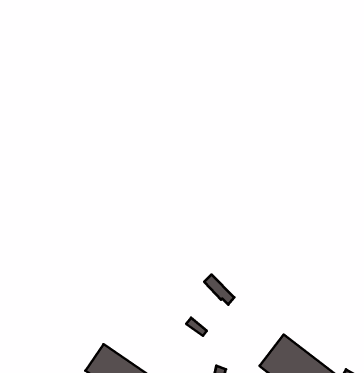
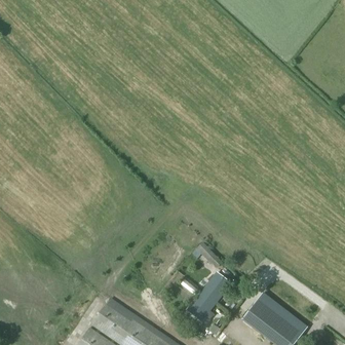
building: none -> [187,270,232,320]

